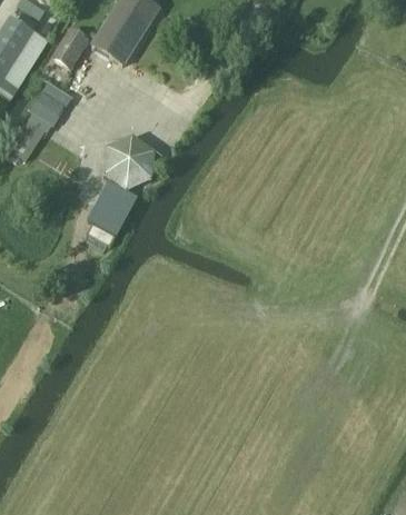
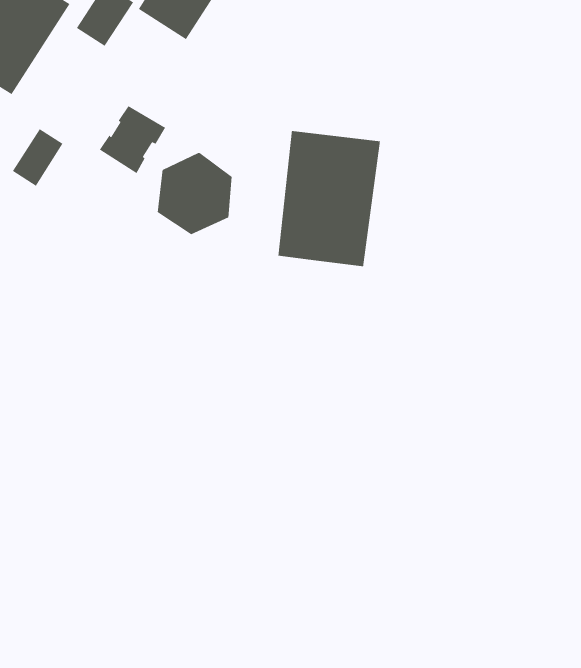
building: [30,80,73,125] -> [99,105,166,174]
building: none -> [277,130,381,267]
building: [88,184,136,234] -> none

